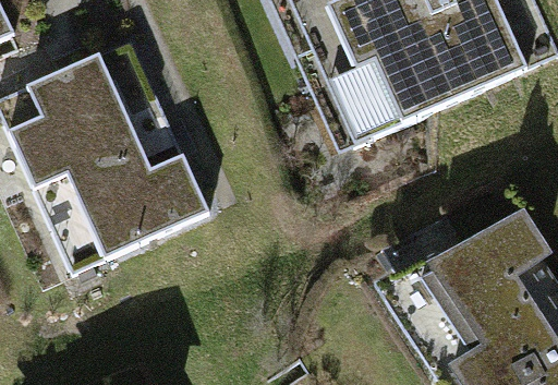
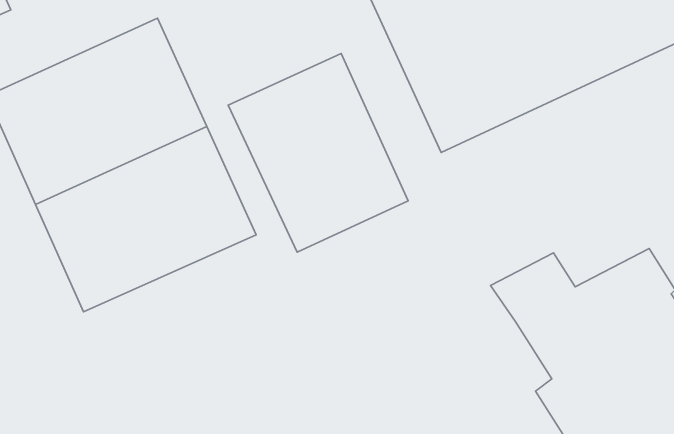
building: none -> [228,54,408,252]

